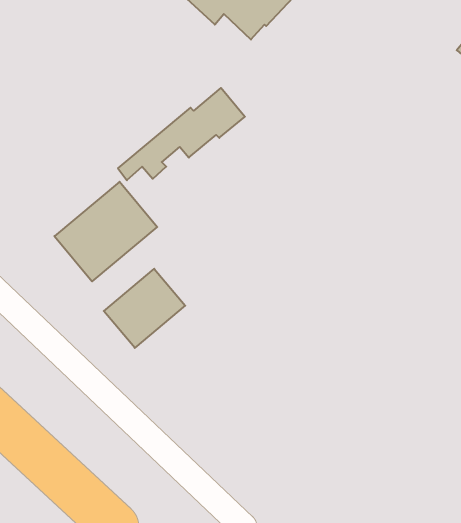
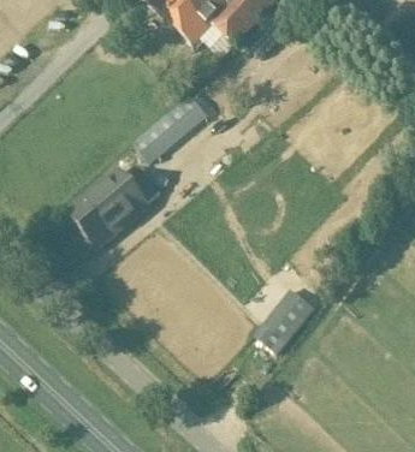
building: [104,269,185,348] -> none
building: none -> [251,282,314,350]

